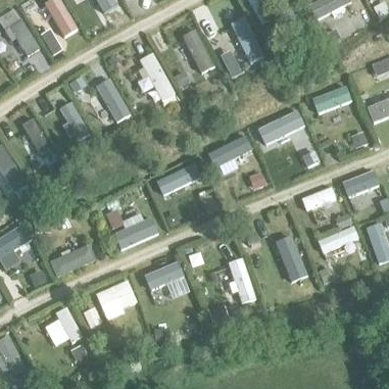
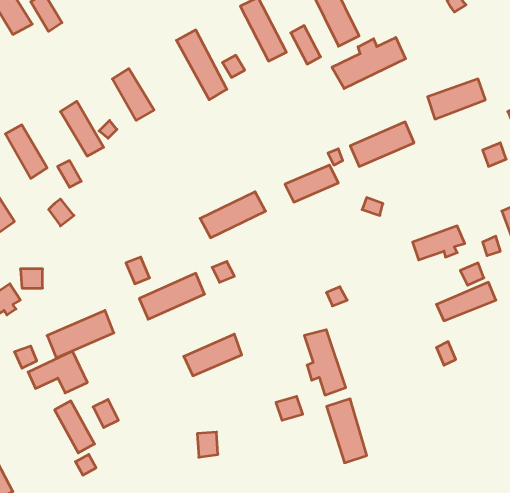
building: none -> [332,37,406,89]
building: [282,239,309,283] -> [327,399,367,463]
building: [96,280,137,308] -> [28,351,87,393]

